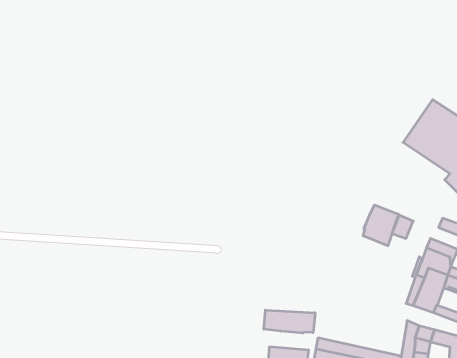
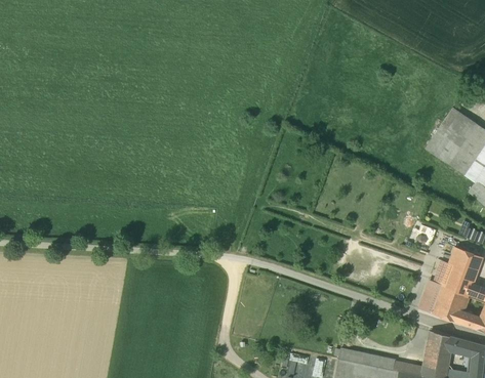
building: [363,205,398,246] -> none
building: [264,310,315,333] -> none

